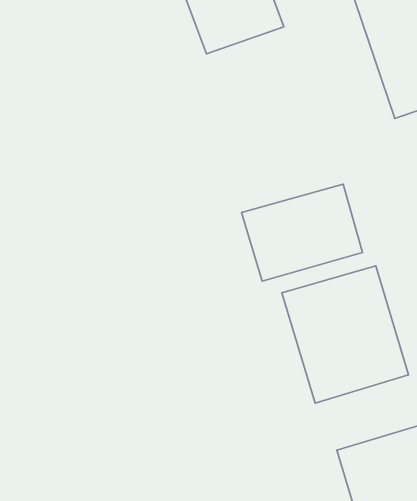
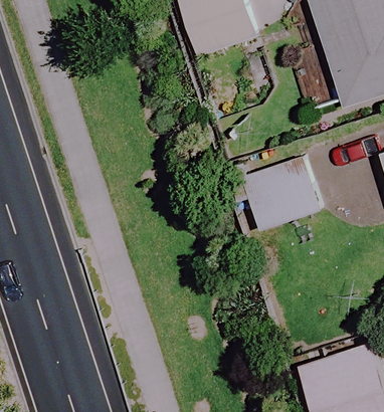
building: [282,266,409,403] -> none

